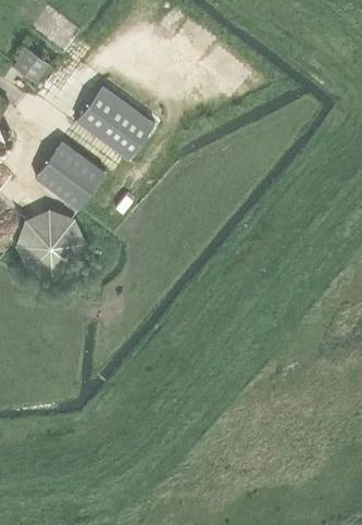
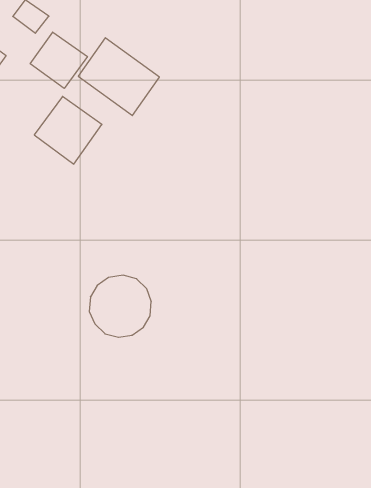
building: none -> [30,32,87,88]
building: [22,213,82,273] -> [89,275,151,337]

